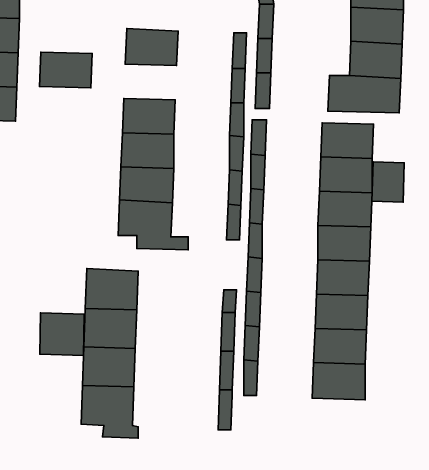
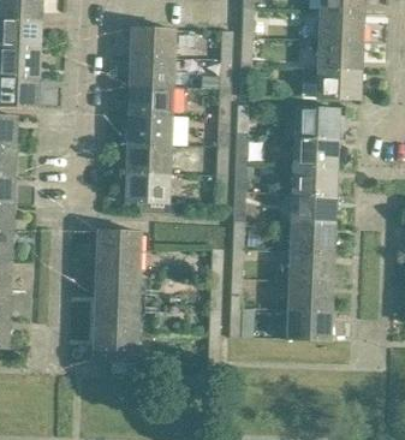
building: [39,52,92,88] -> [129,57,173,87]
building: [372,162,404,202] -> none
building: [40,313,84,355] -> none

